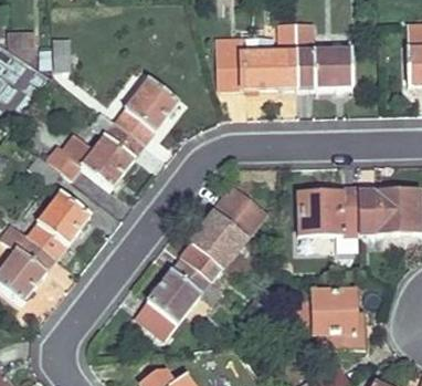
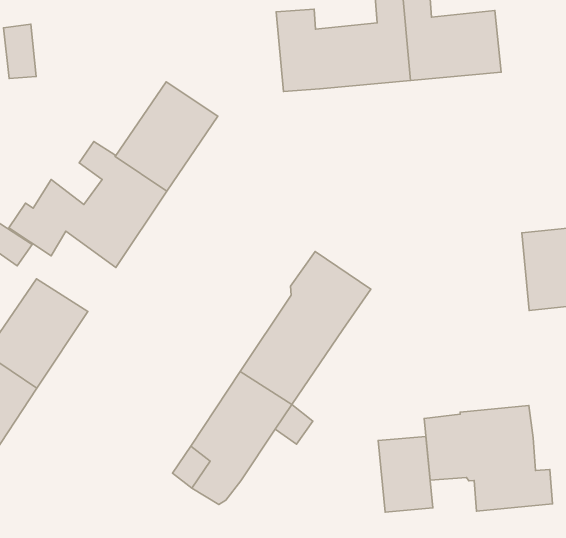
building: [298,186,359,234] -> none
building: none -> [378,436,433,512]

